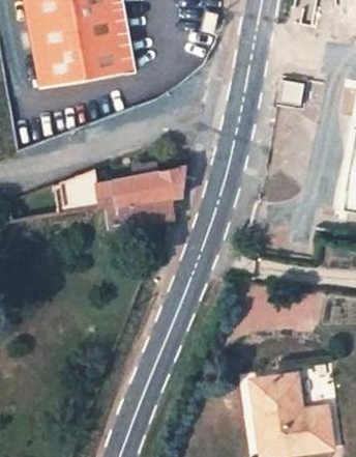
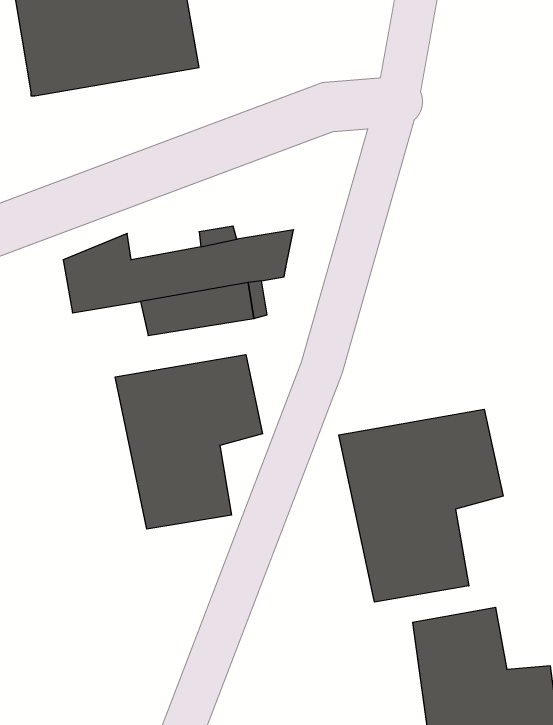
building: none -> [115,355,263,529]
building: none -> [339,409,503,602]

